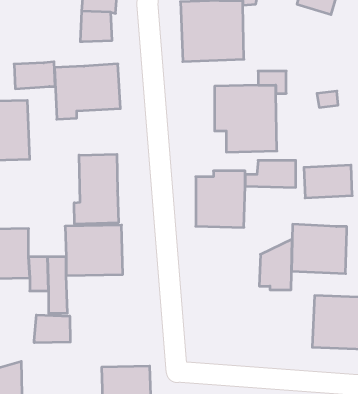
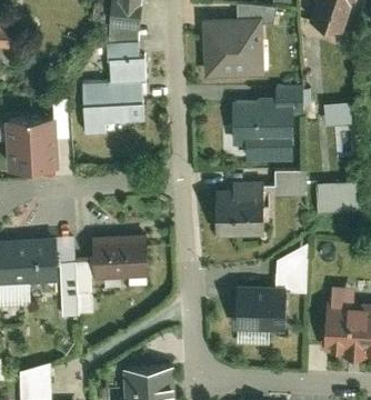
building: [14,62,55,89] -> [109,59,148,84]
building: [74,154,118,224] -> none
building: [291,224,347,274] -> [233,290,285,337]
building: [34,315,70,343] -> none

